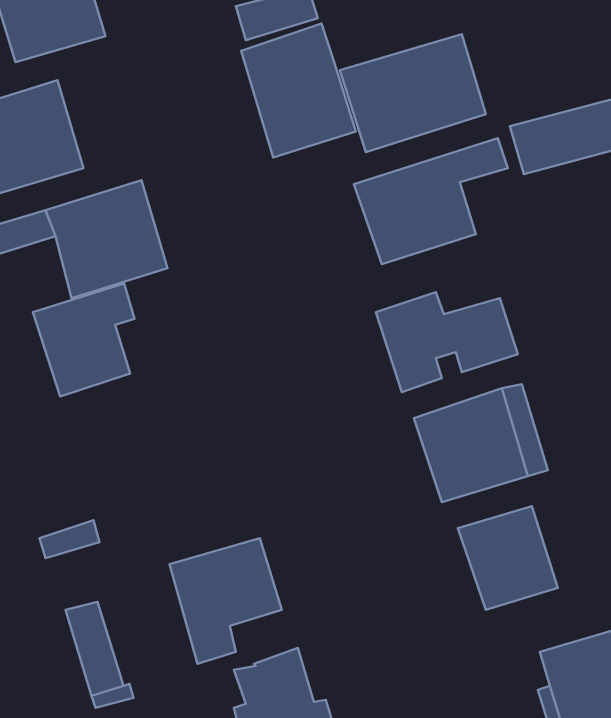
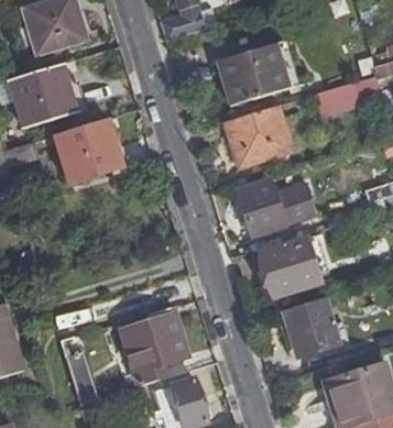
building: [241,24,356,158] -> none
building: [33,283,135,397] -> none

